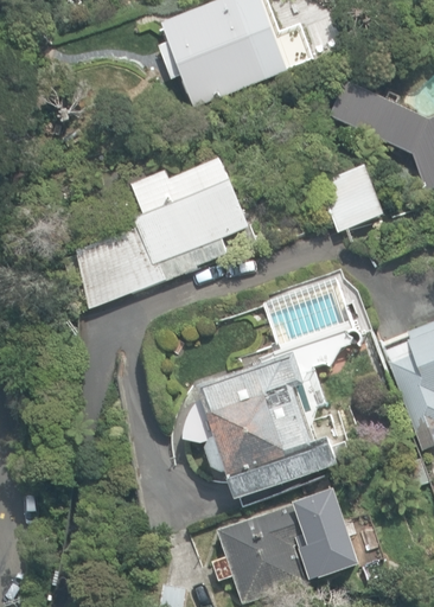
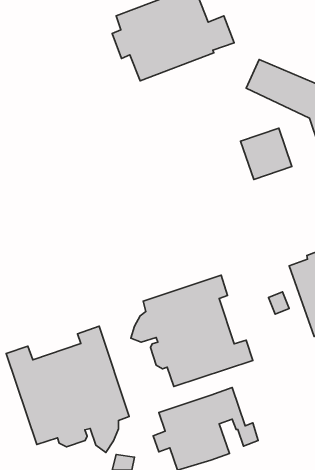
building: [78,155,253,307] -> none
building: [264,275,356,349] -> none
building: none -> [6,326,129,452]

